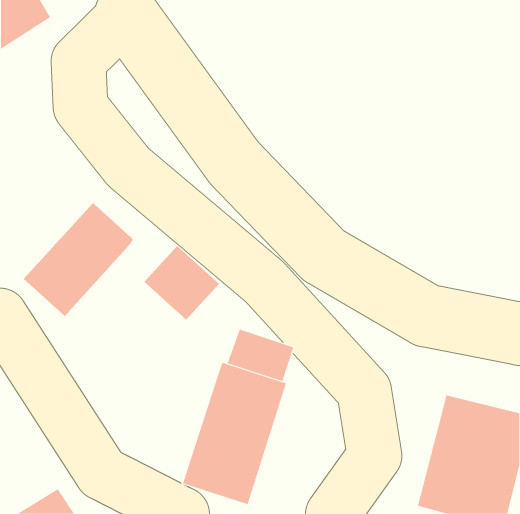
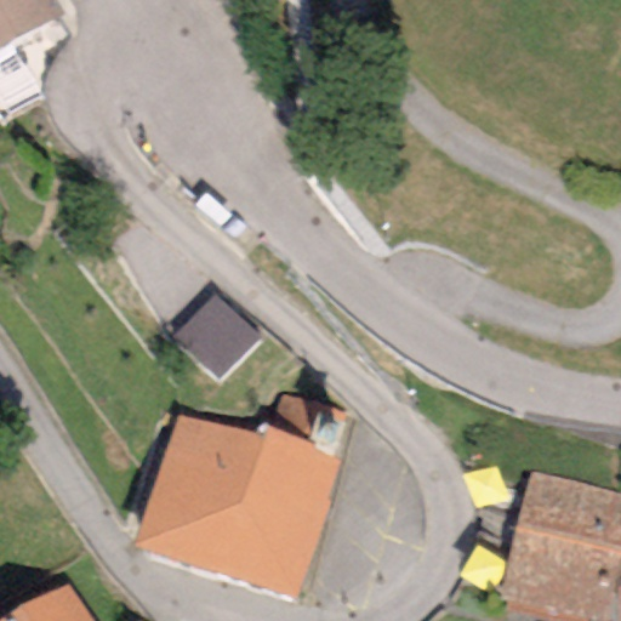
building: [23,202,134,317] -> none
building: none -> [136,417,261,576]

